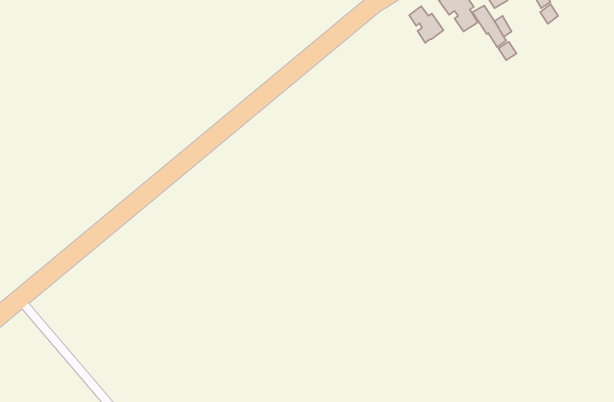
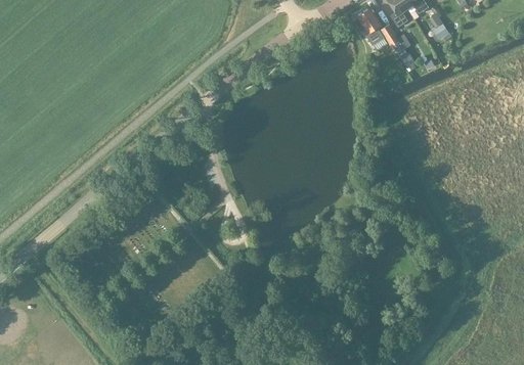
building: [409,6,444,43] -> none

